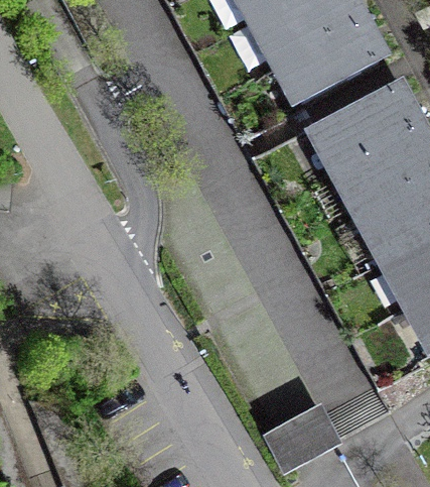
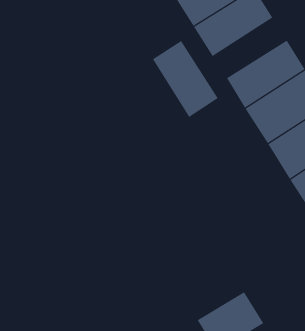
building: none -> [152,40,218,118]

